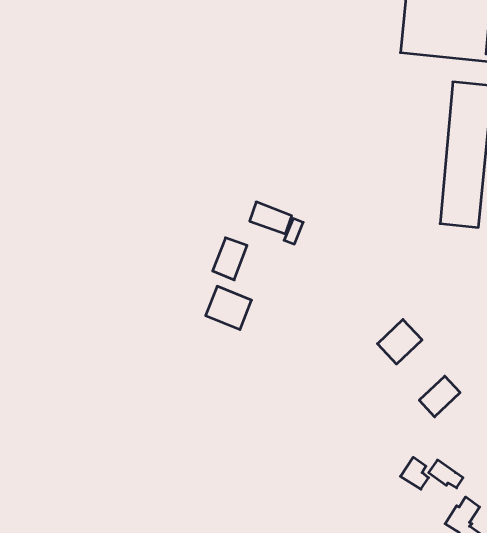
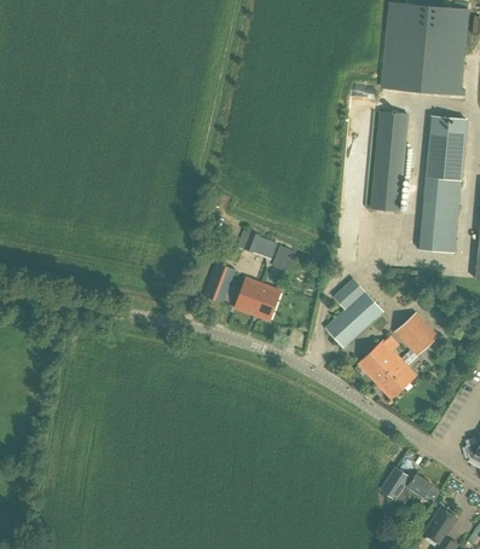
building: none -> [370,110,409,212]
building: none -> [325,278,383,347]
building: [206,286,252,330] -> [236,278,279,319]
building: none -> [393,312,439,356]
building: [419,376,460,417] -> [377,359,416,398]

